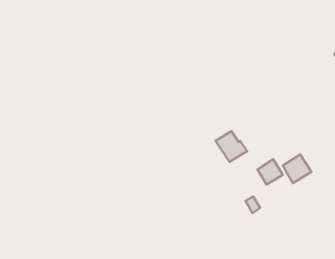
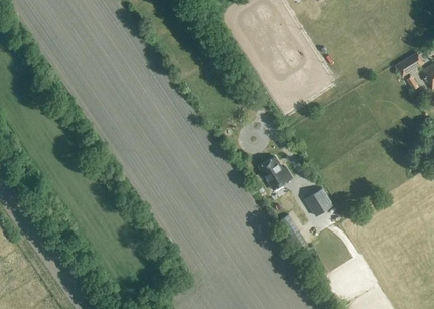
building: [283,155,311,183] -> none

